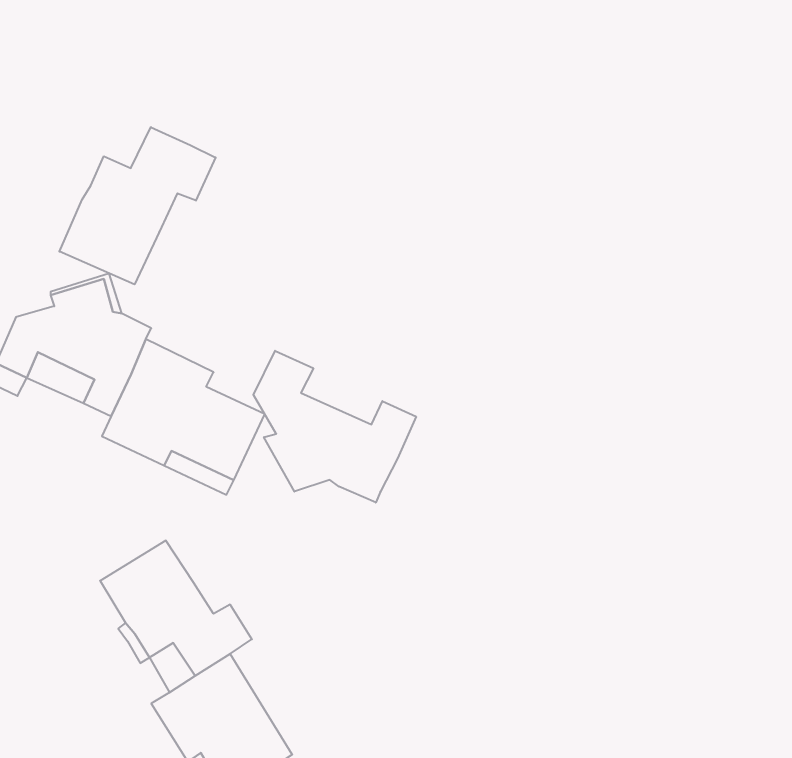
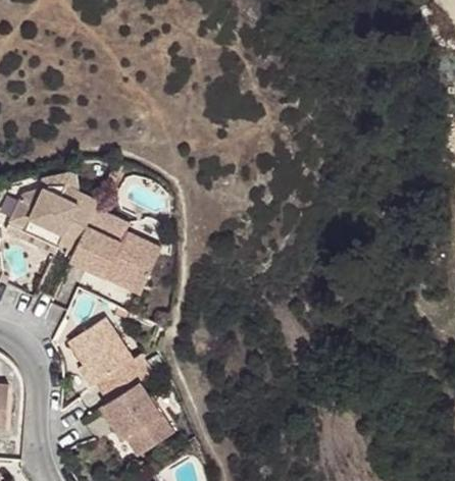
building: [59,127,216,284] -> none
building: [253,351,416,503] -> none

